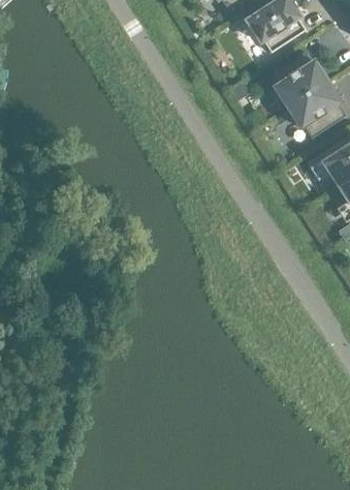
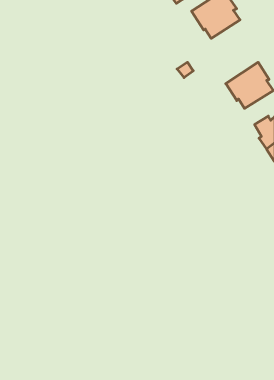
building: [269,51,327,106] -> none

